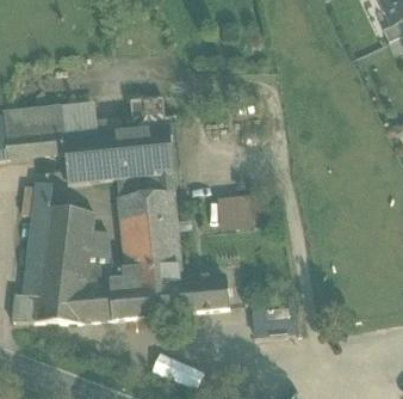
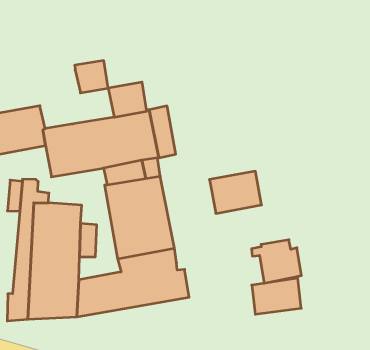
building: [60,105,91,135] -> [75,61,108,93]
building: [85,263,126,286] -> none
building: [181,270,228,311] -> [252,240,301,283]

